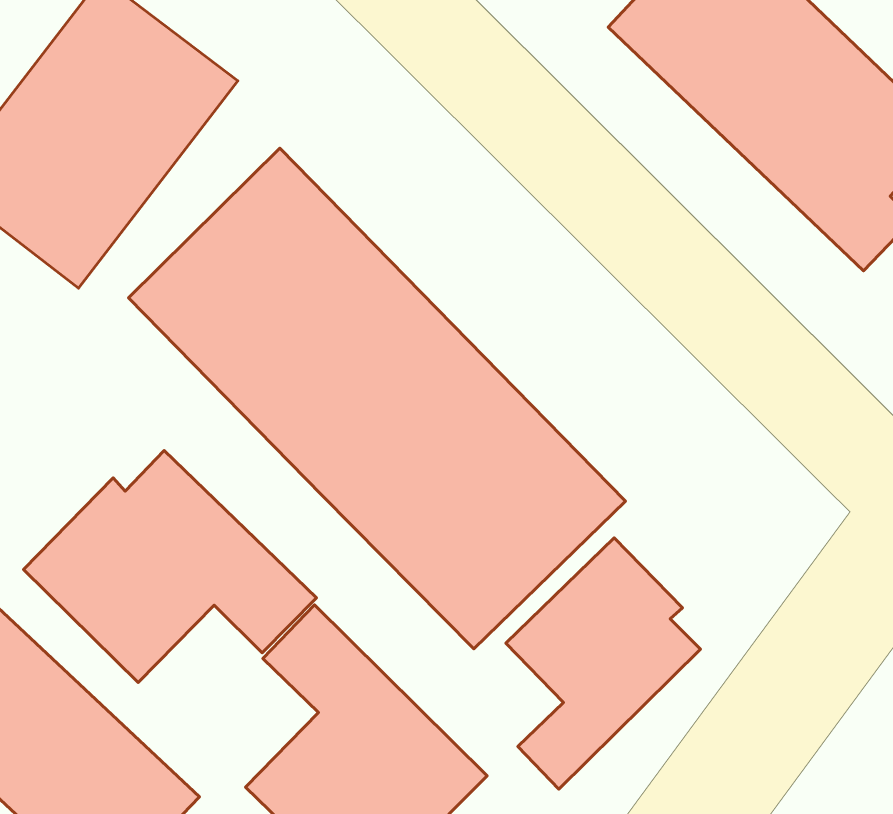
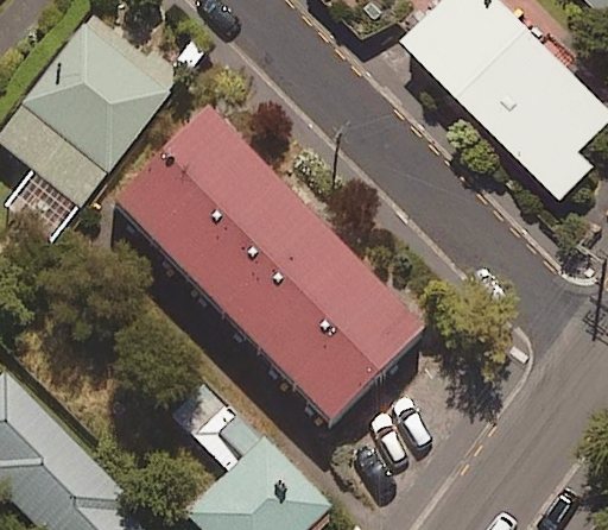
building: [24,450,317,683] -> none
building: [506,538,700,789] -> none

